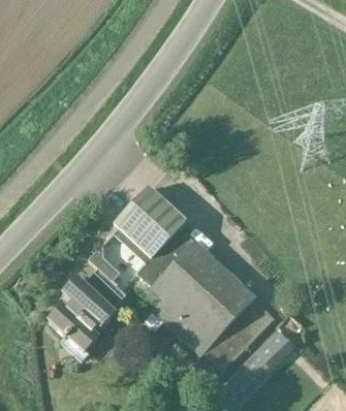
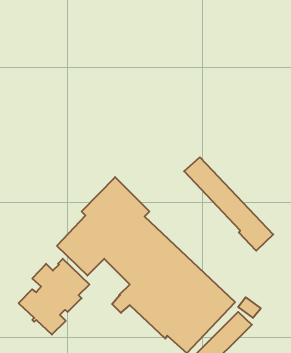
building: none -> [184,157,273,251]

